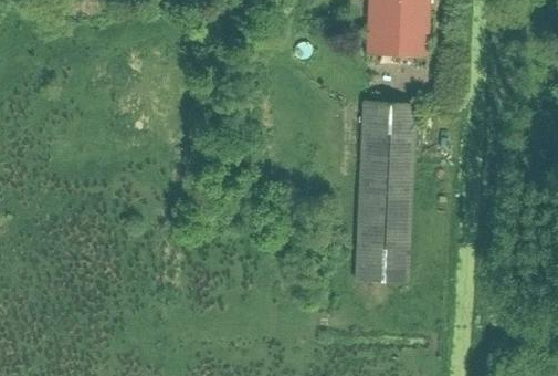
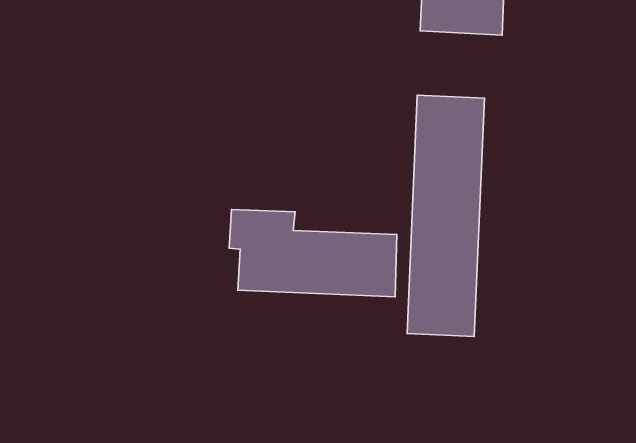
building: none -> [229,210,397,297]

